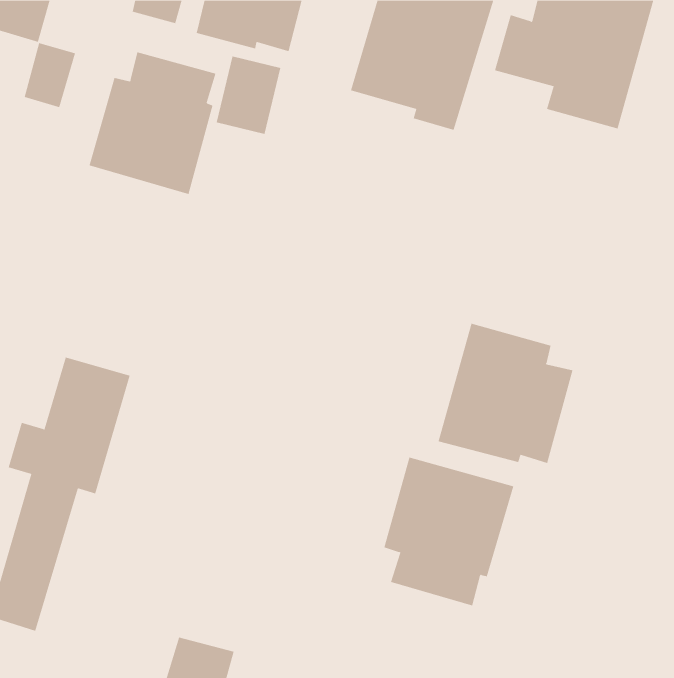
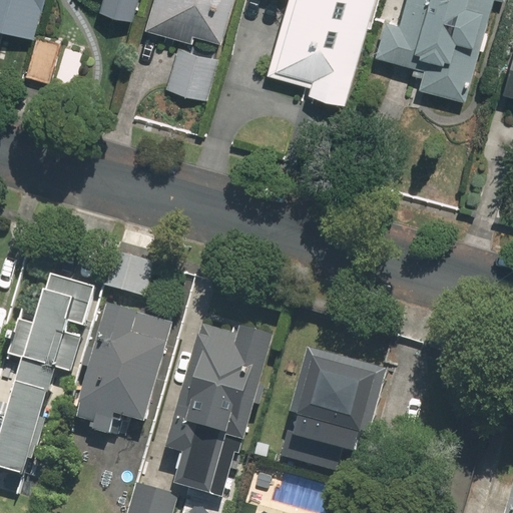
building: [89,51,216,195] -> none
building: [438,323,573,464] -> none
building: none -> [75,306,168,434]
building: none -> [165,322,278,500]

